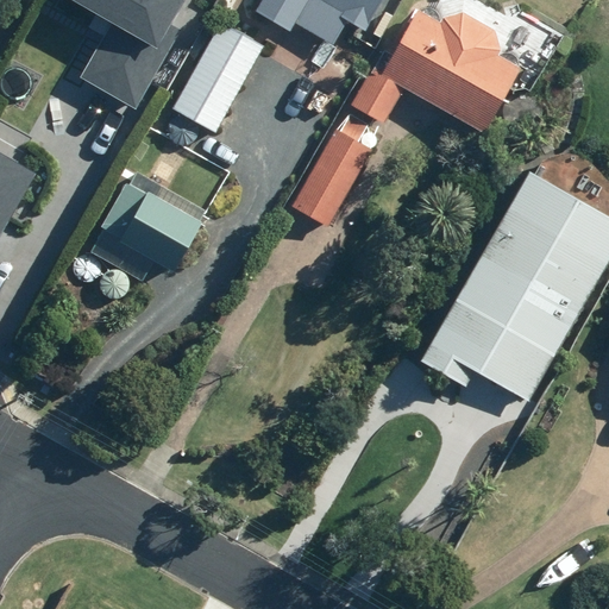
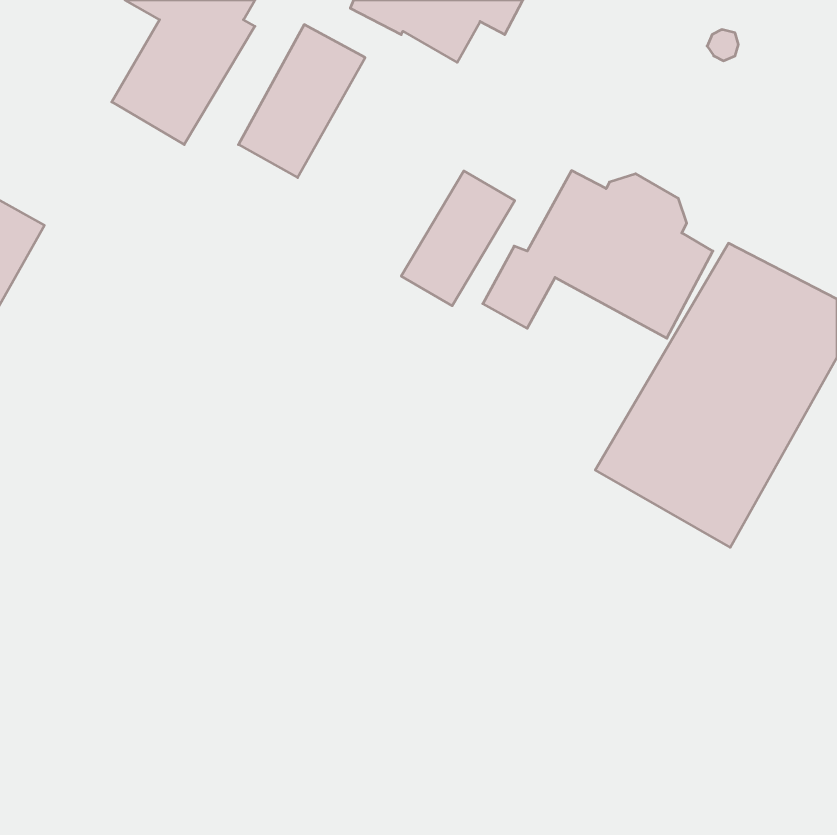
building: [352,8,519,130] -> [483,171,713,338]
building: [90,170,206,271] -> none

